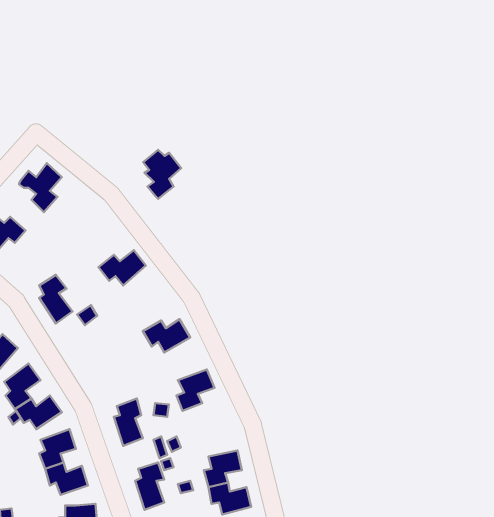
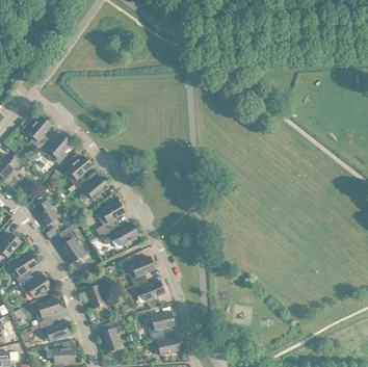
building: [143,150,181,199] -> [65,153,91,186]
building: none -> [38,133,71,157]
building: none -> [100,200,125,230]
building: none -> [60,229,83,262]
building: none -> [133,279,165,300]

